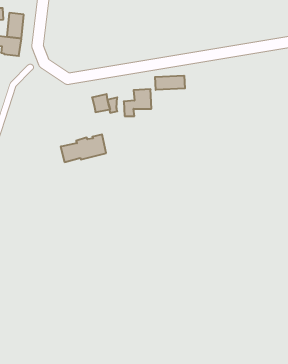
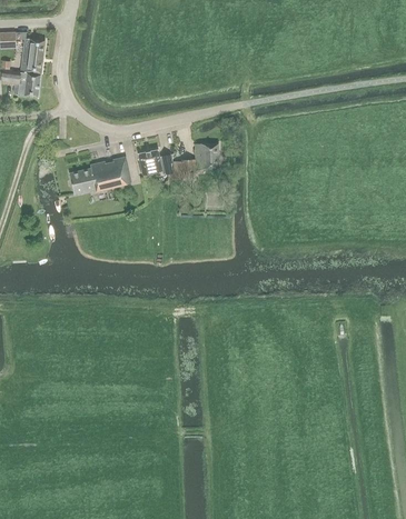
building: [155,76,185,90] -> none
building: [61,134,106,162] -> [68,156,130,193]

